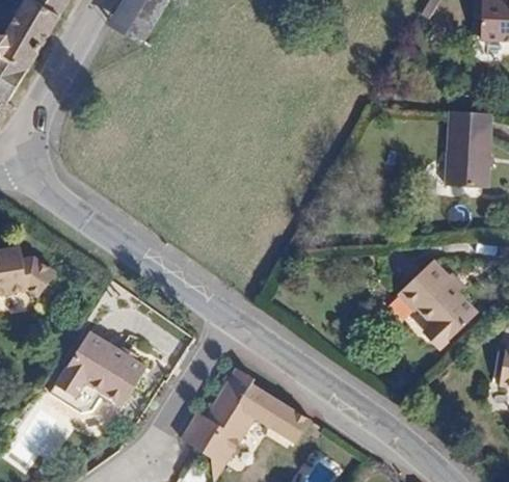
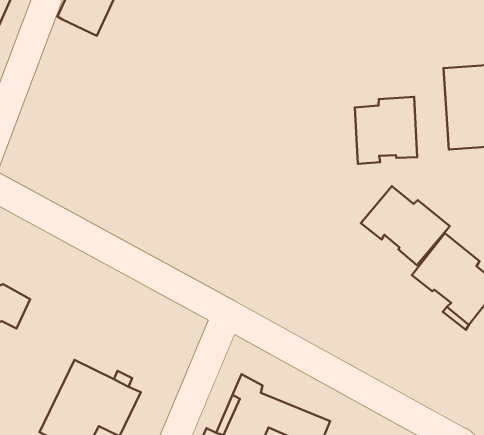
building: none -> [355,97,417,164]
building: none -> [361,186,450,265]

